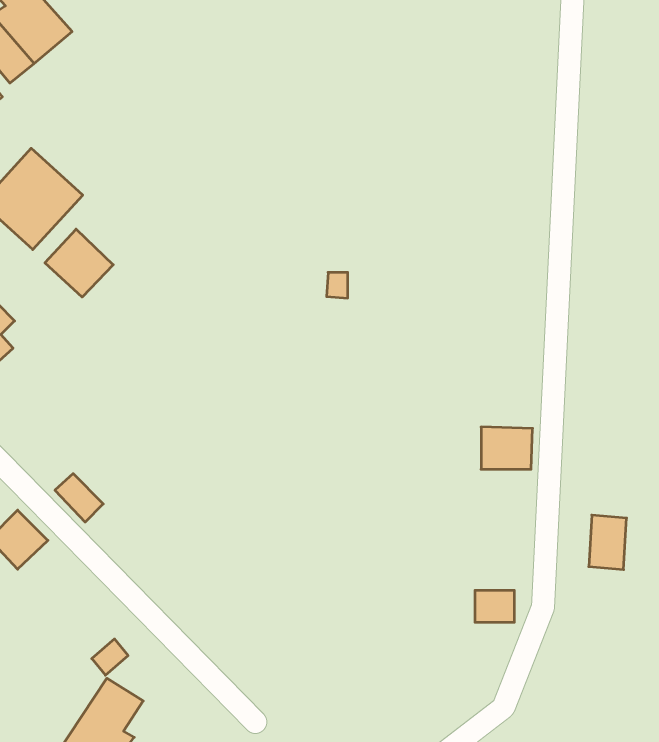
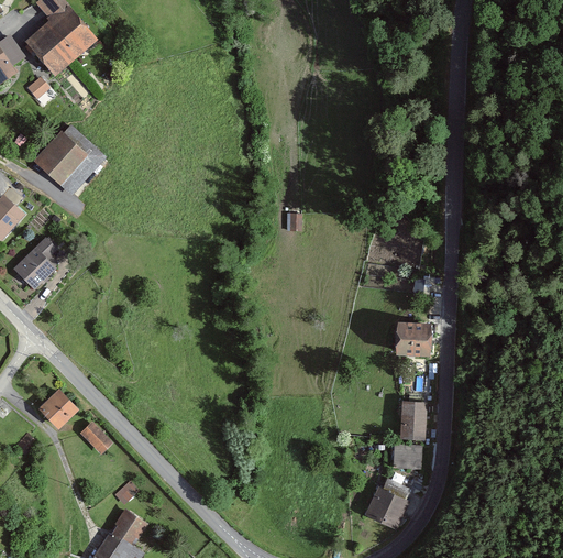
building: [45,229,113,297] -> none
building: [55,474,103,522] -> [79,420,114,456]
building: [589,515,627,570] -> [399,398,427,438]
building: none -> [363,485,408,528]

